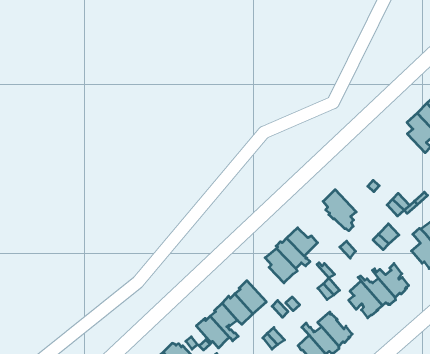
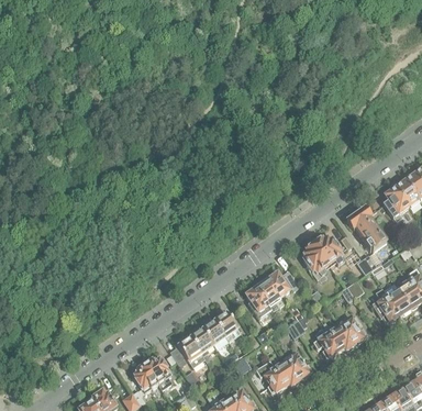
building: none -> [347,207,387,253]
building: none -> [314,235,345,265]

